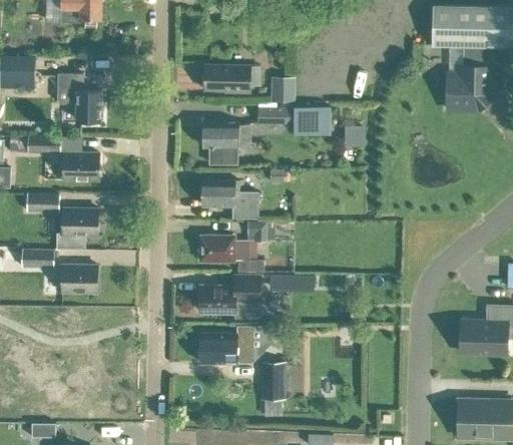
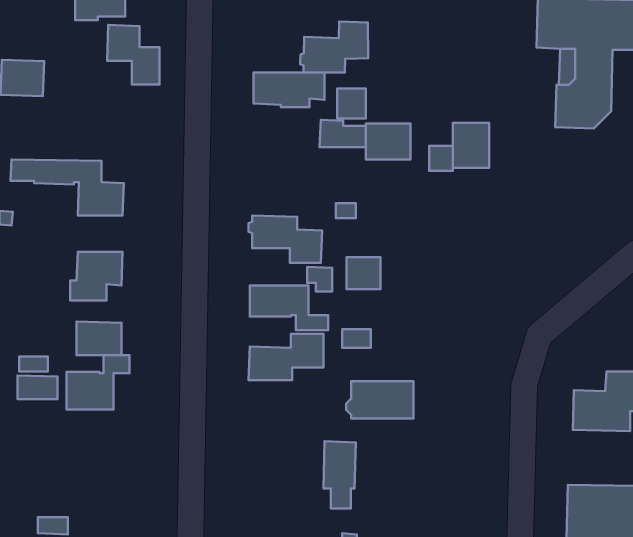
building: none -> [300,22,368,72]
building: [58,73,100,121] -> [107,25,159,85]
building: none -> [453,123,489,168]
building: [201,124,249,165] -> none
building: [27,193,59,212] -> none
building: none -> [347,257,380,289]
building: [22,250,54,269] -> [18,375,57,399]
building: none -> [67,355,130,409]
building: [197,334,251,364] -> [346,381,413,419]

